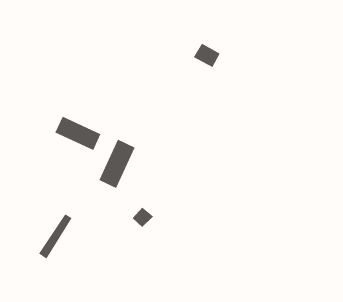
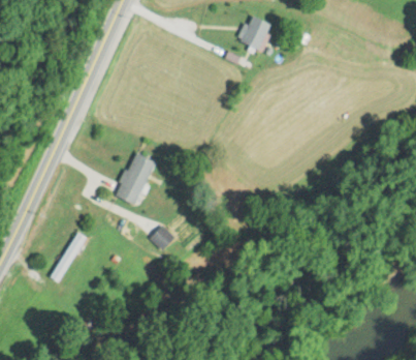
building: [193,43,221,68] -> [241,24,270,51]
building: [55,116,101,151] -> none

